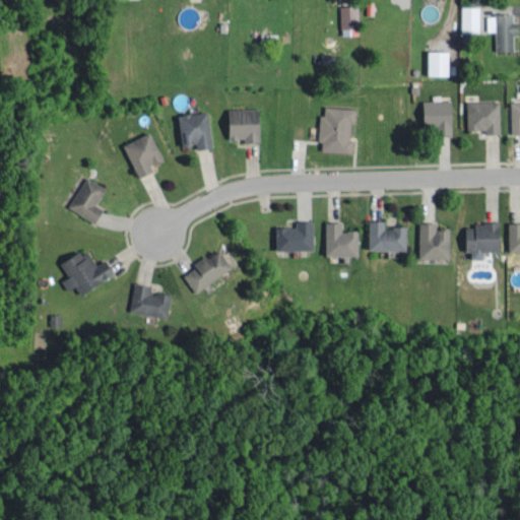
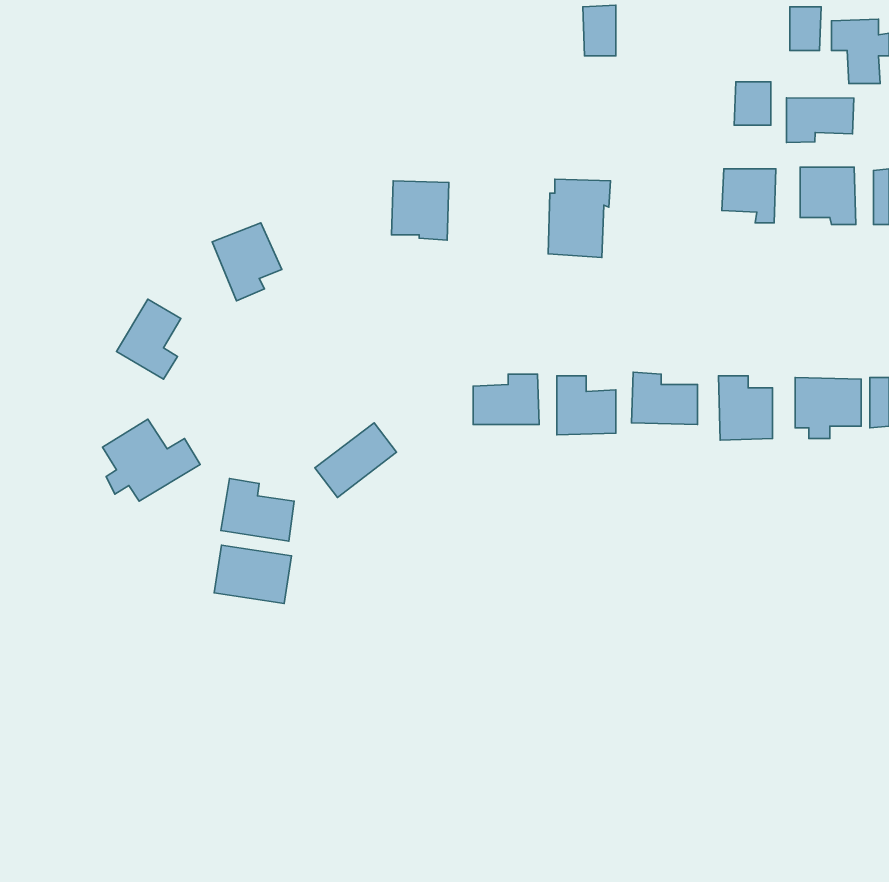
building: none -> [786,98,854,143]
building: [178,113,212,150] -> none
building: none -> [214,545,291,604]

